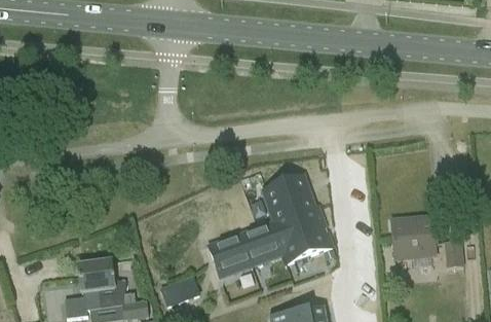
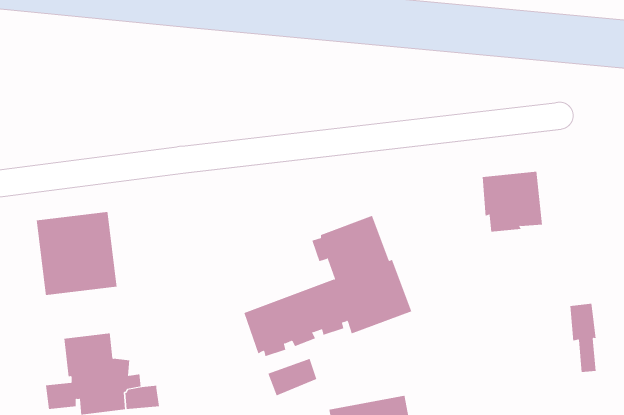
building: none -> [36,211,117,296]
building: [391,215,436,259] -> [482,171,543,232]
building: [162,277,198,305] -> [268,358,317,396]

